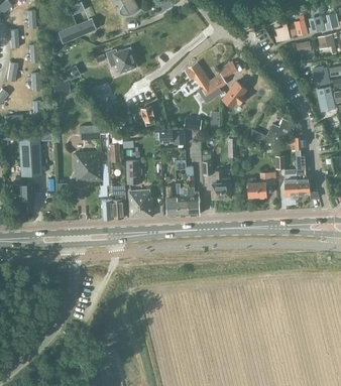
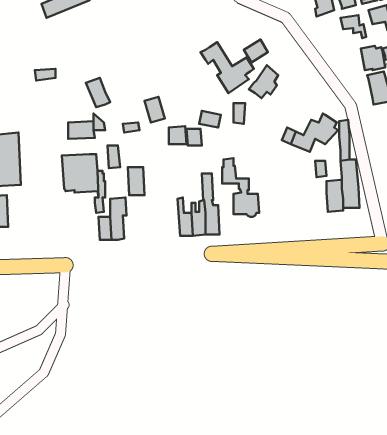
building: [106,47,136,73] -> none
building: [246,172,274,197] -> none
building: [128,188,152,218] -> none

